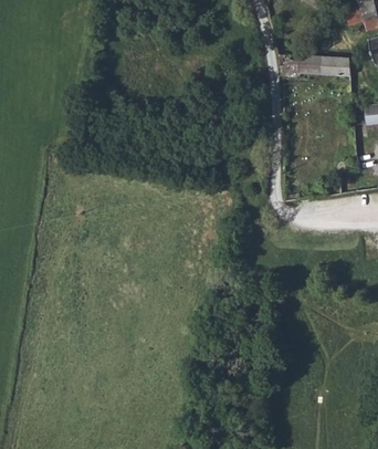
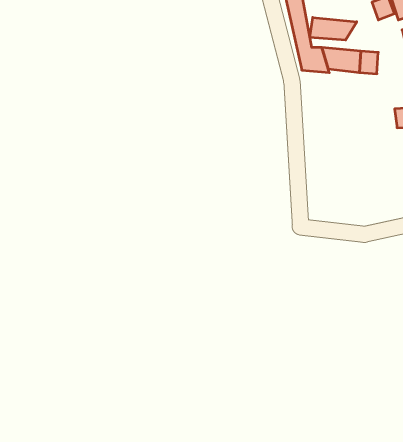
building: none -> [310,17,357,40]

